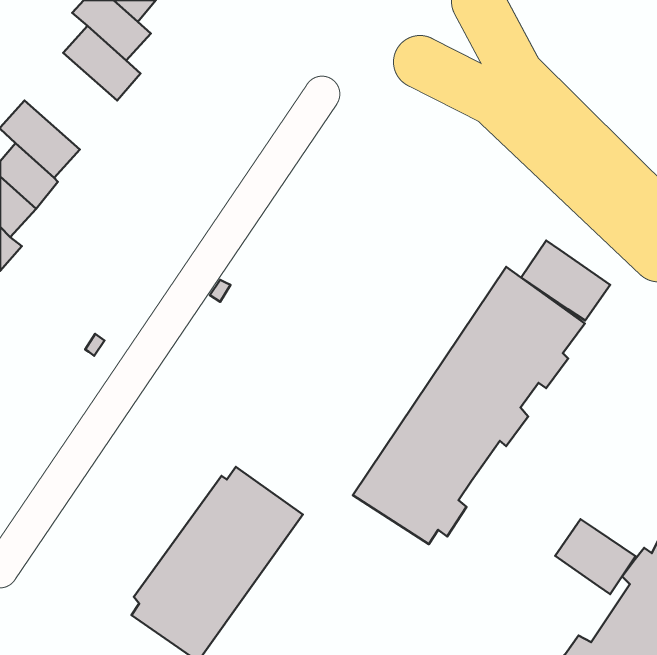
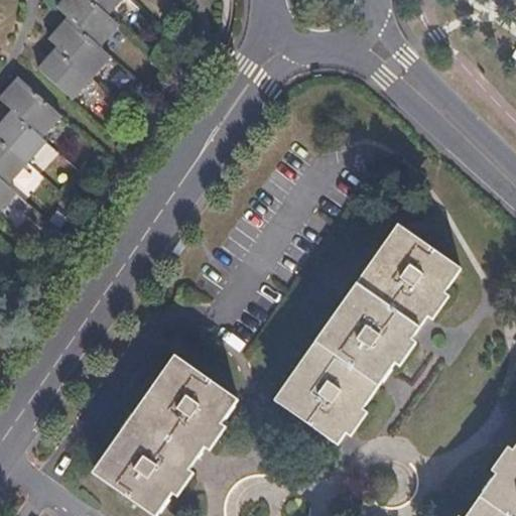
building: none -> [40,52,93,104]
building: [521,240,610,321] -> none
building: [555,519,636,594] -> none

